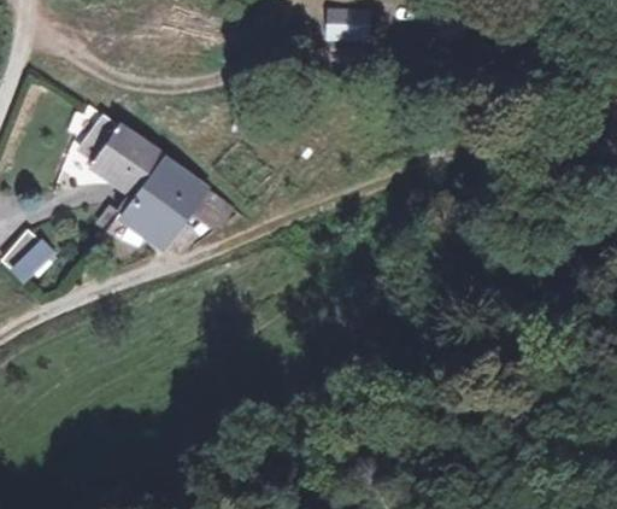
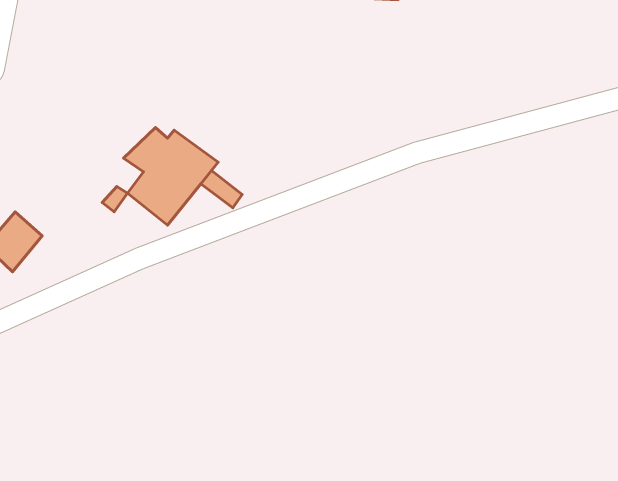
building: [90,125,147,183] -> none

